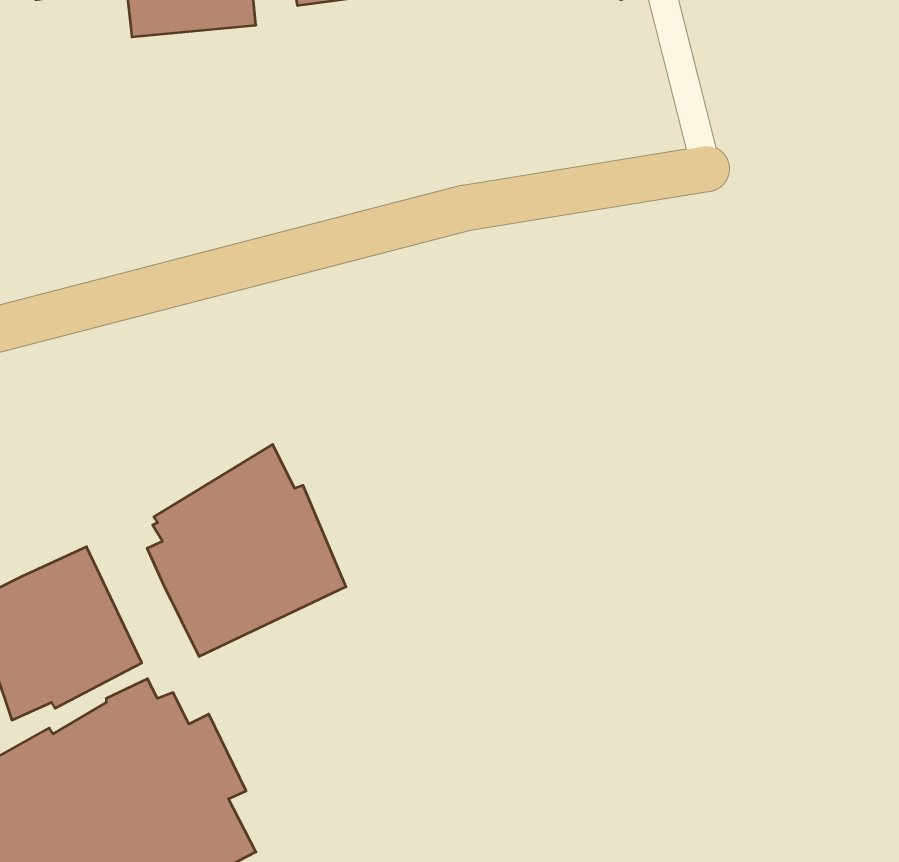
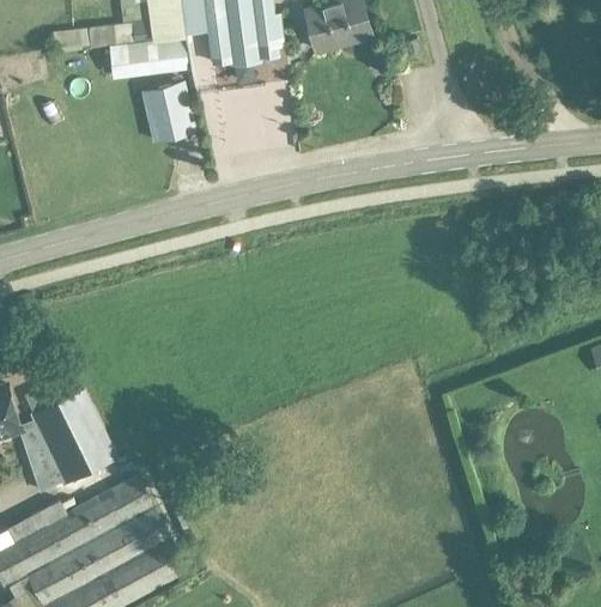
building: none -> [141,90,190,144]
building: [147,444,346,657] -> none

